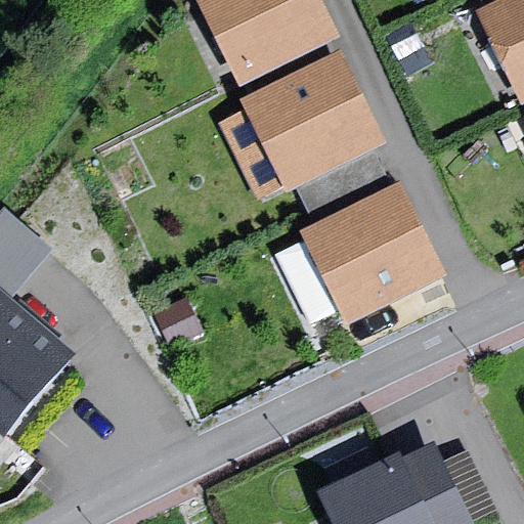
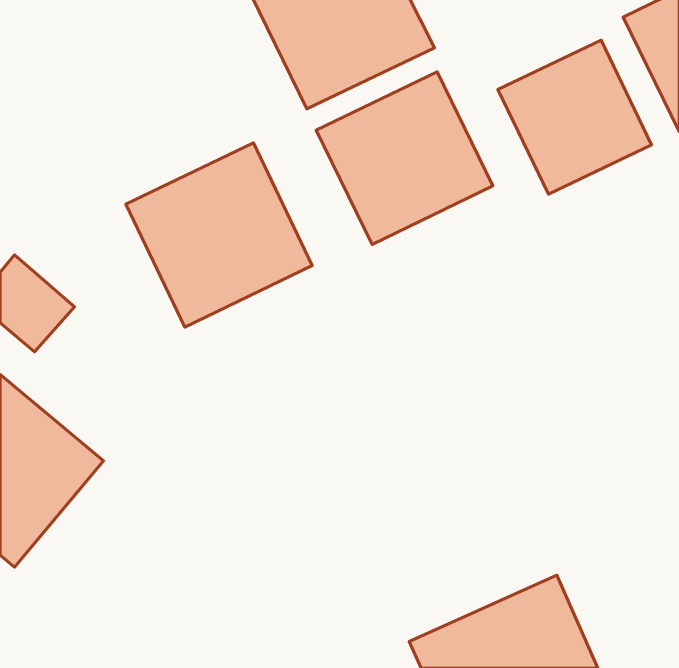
building: none -> [498,40,652,194]
building: none -> [126,143,312,327]
building: [303,188,441,322] -> none

